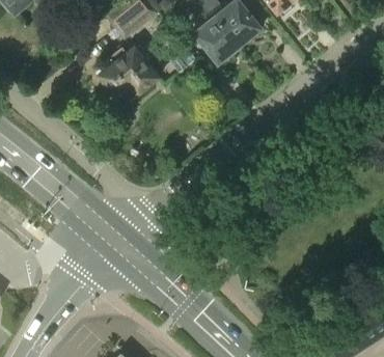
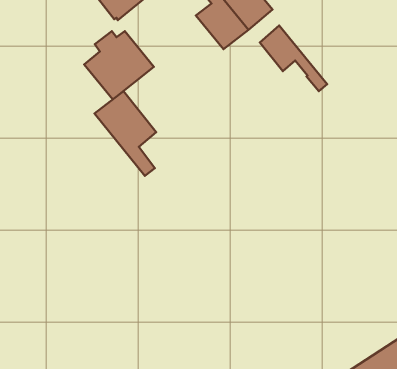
building: none -> [260,26,327,91]
building: none -> [94,91,156,176]

